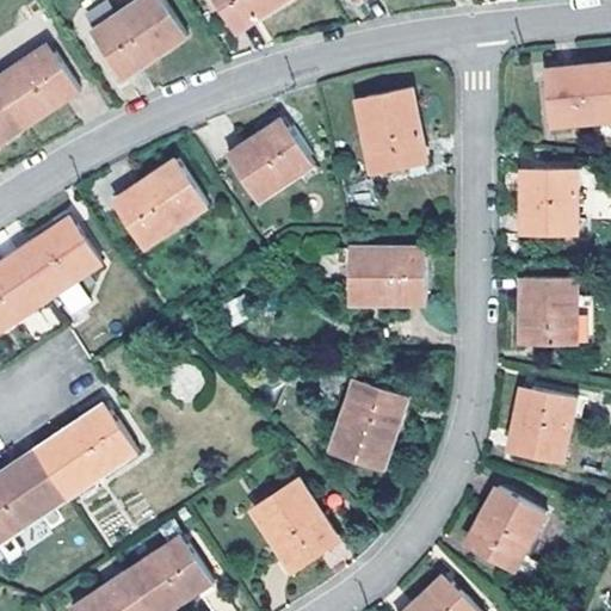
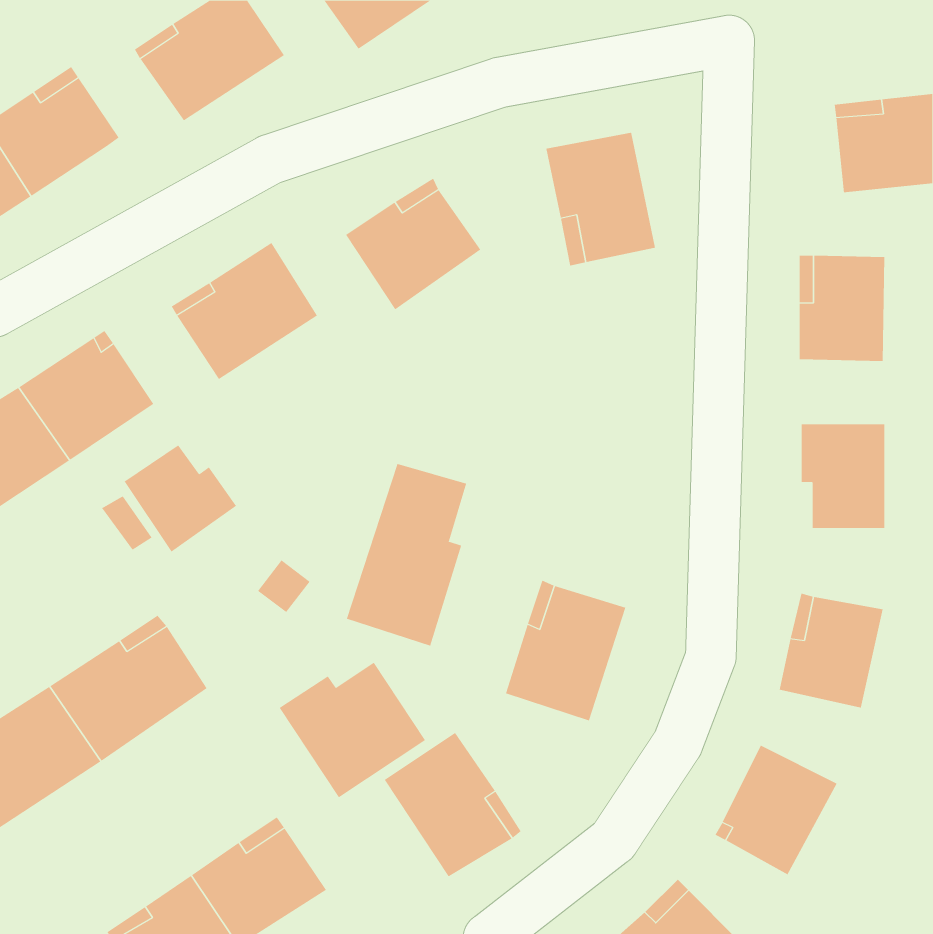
building: [347,248,425,304] -> none
building: none -> [124,445,237,552]
building: none -> [346,463,467,646]
building: none -> [279,662,426,798]

